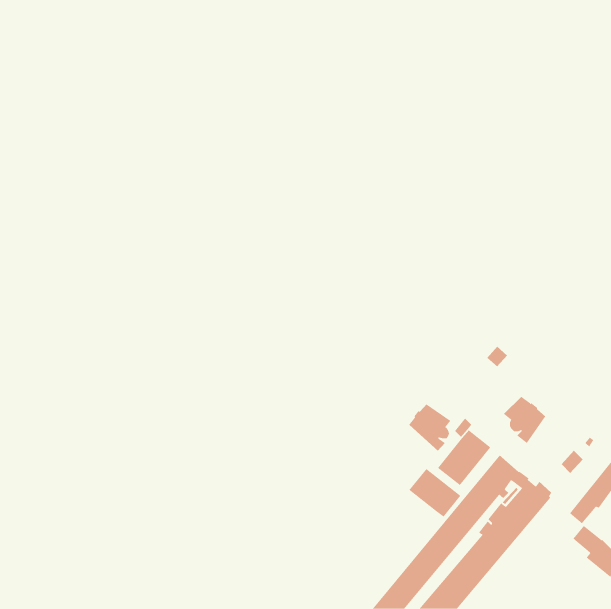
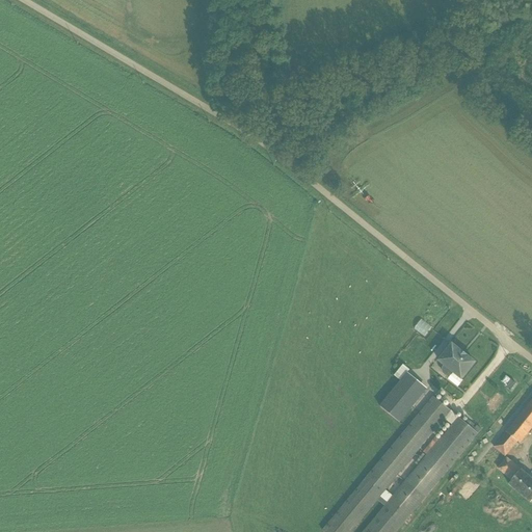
building: [409,403,451,452] -> none
building: [409,468,461,518] -> none

